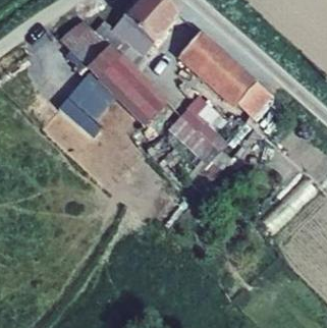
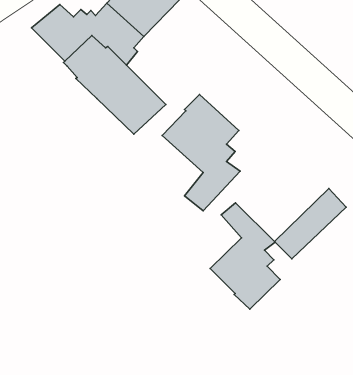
building: [176,30,273,116] -> none
building: [59,70,113,134] -> none
building: none -> [210,203,280,309]

